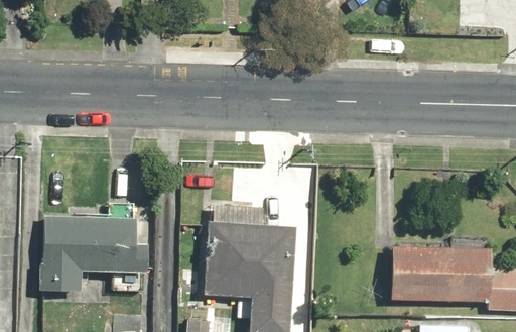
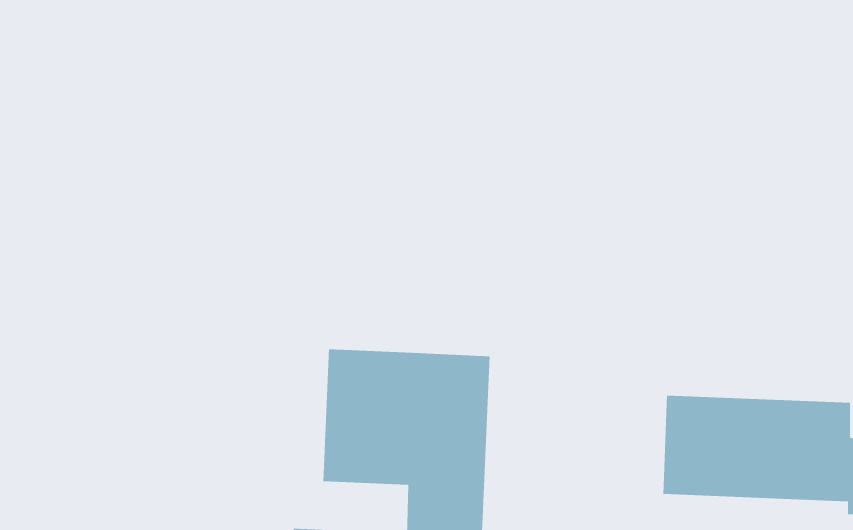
building: [41,215,150,293] -> none

